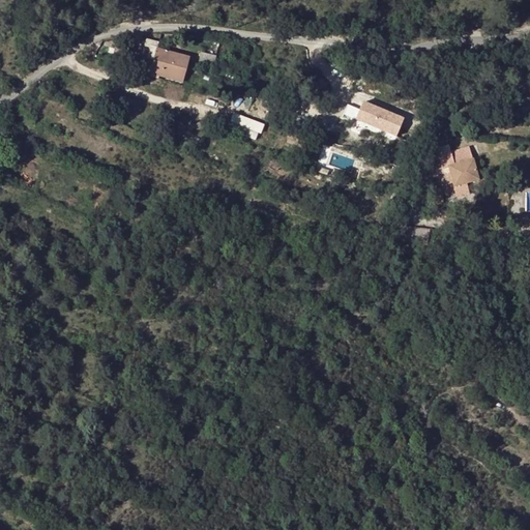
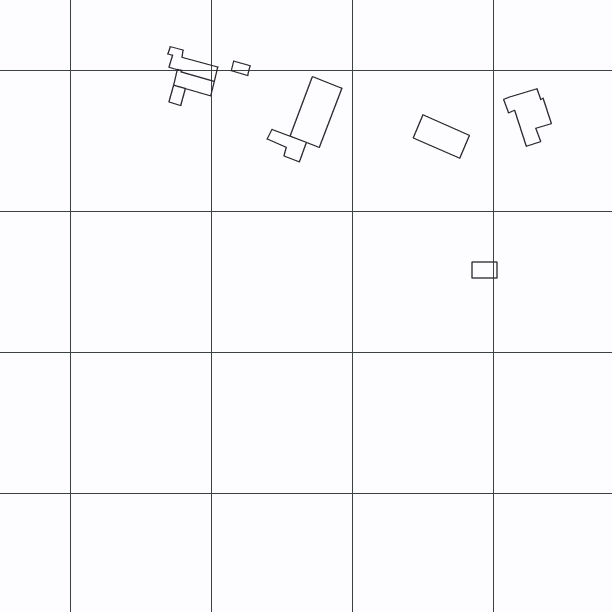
building: none -> [290,77,342,147]
building: [439,147,480,197] -> [504,89,551,146]

